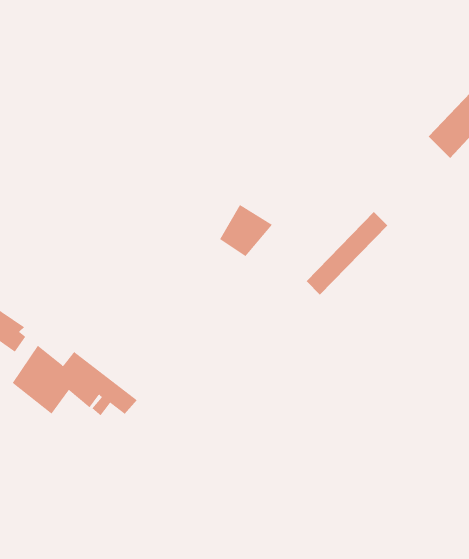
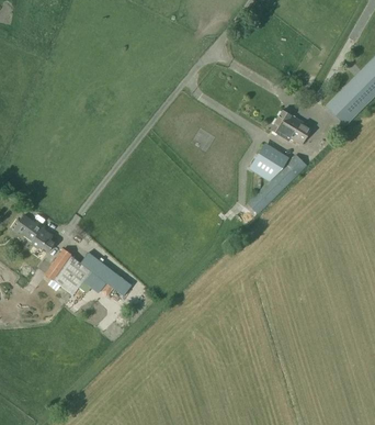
building: none -> [271,109,313,145]
building: [219,204,273,257] -> [250,145,287,181]

